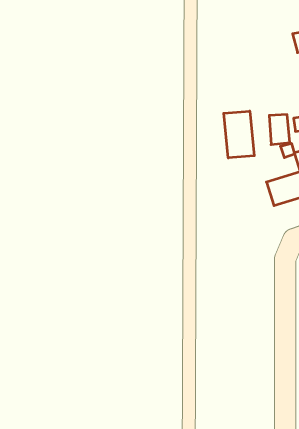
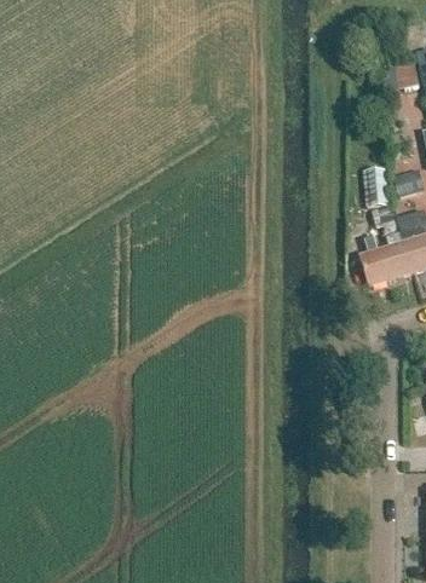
building: [224,111,254,158] -> none

